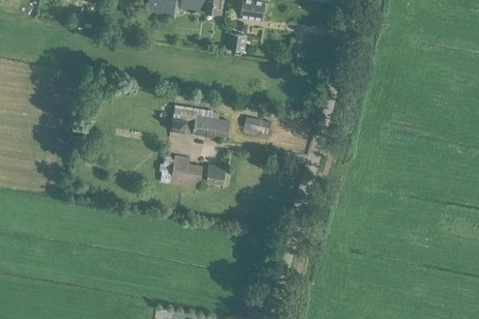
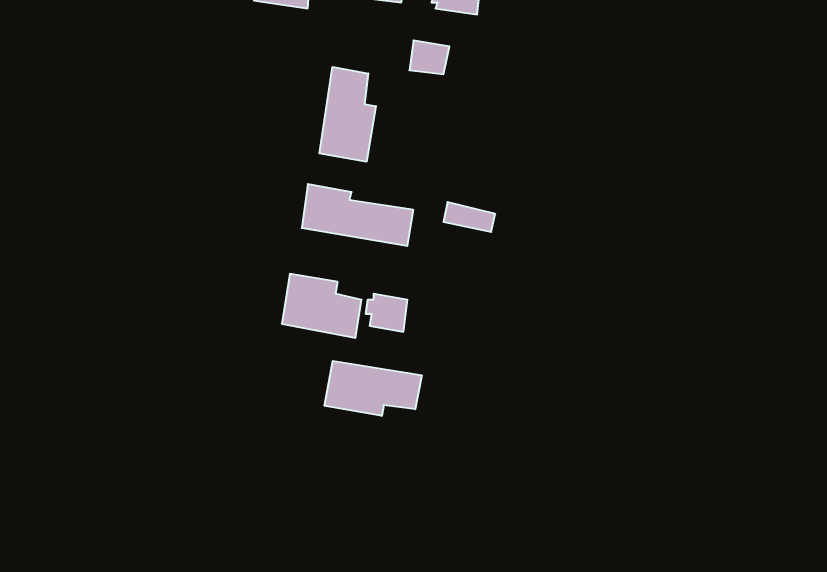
building: none -> [319,67,376,162]
building: none -> [324,361,422,416]

